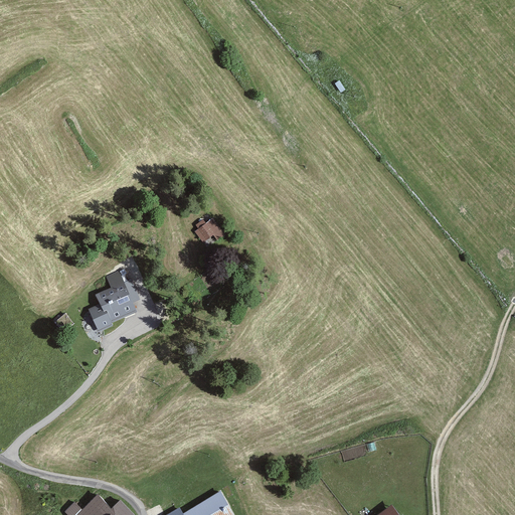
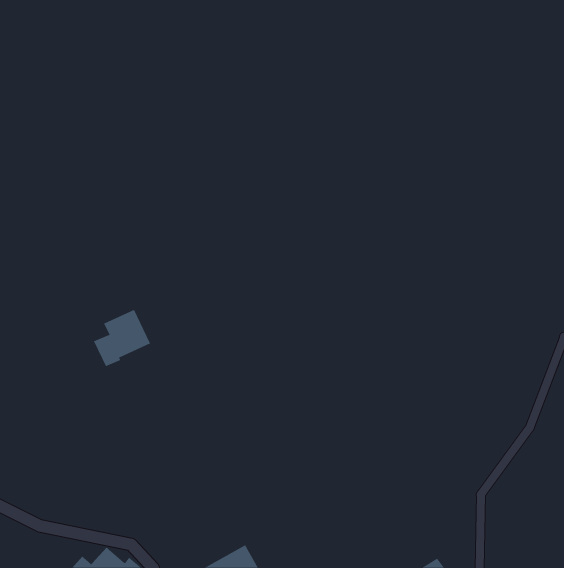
building: [192,218,222,248] -> none

